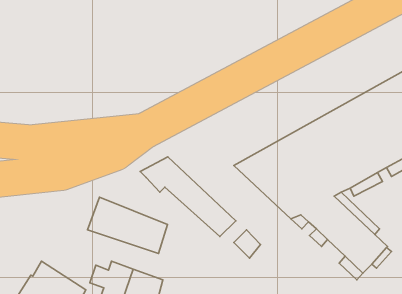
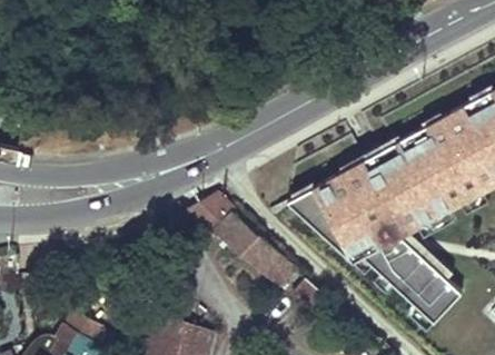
building: [88,197,167,254] -> none

